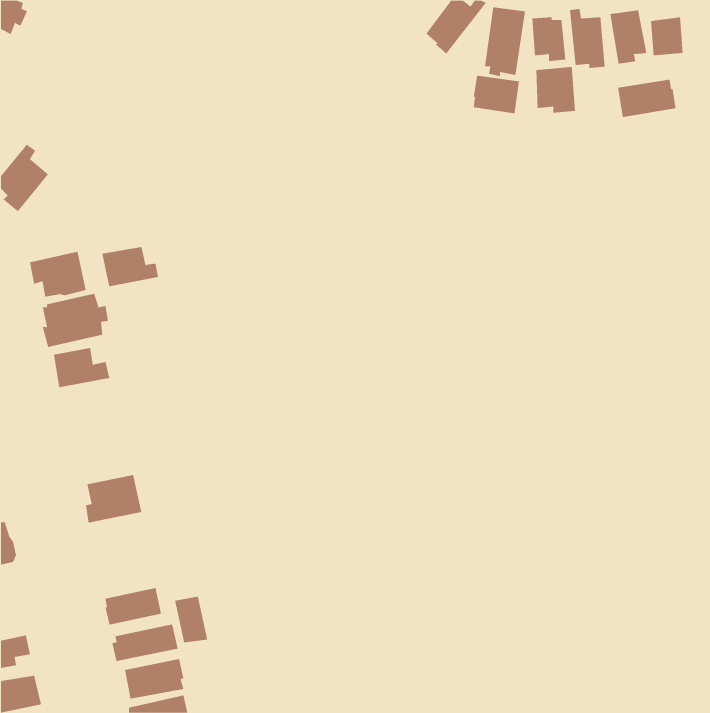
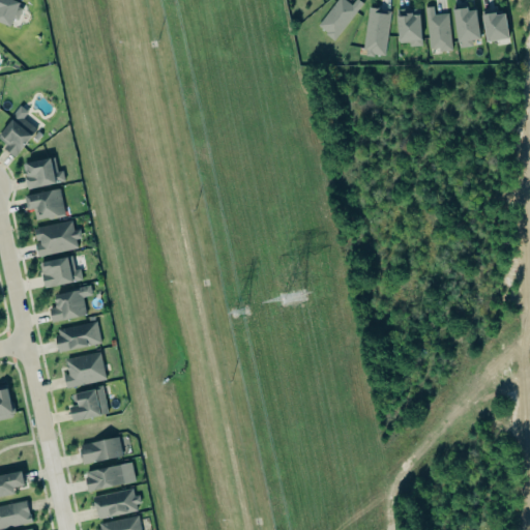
building: [536,66,575,113] -> none
building: [473,75,520,114] -> none
building: [618,79,676,118] -> none
building: [102,247,159,287] -> [24,158,66,188]
building: none -> [51,287,93,322]
building: none -> [56,321,102,352]
building: none -> [69,385,108,420]
building: [175,596,208,643] -> none

